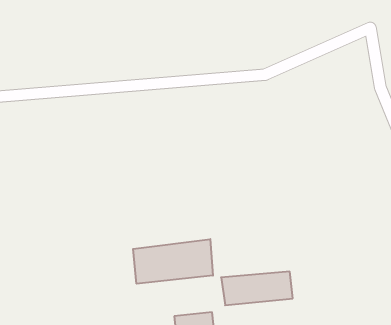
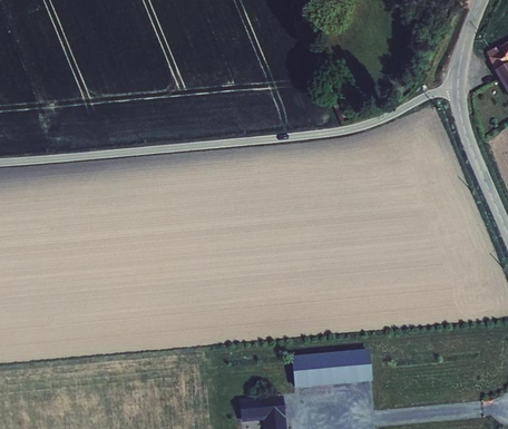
building: [133,239,213,284] -> none

